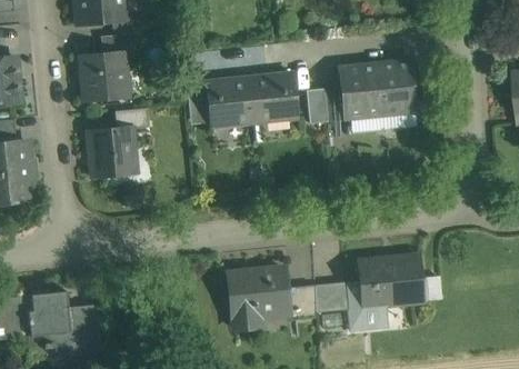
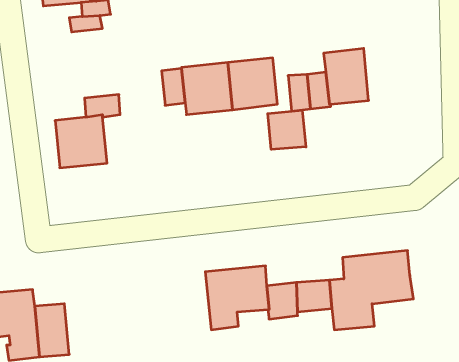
building: [79,51,129,101] -> none
building: [378,61,420,113] -> none
building: none -> [268,110,306,149]

